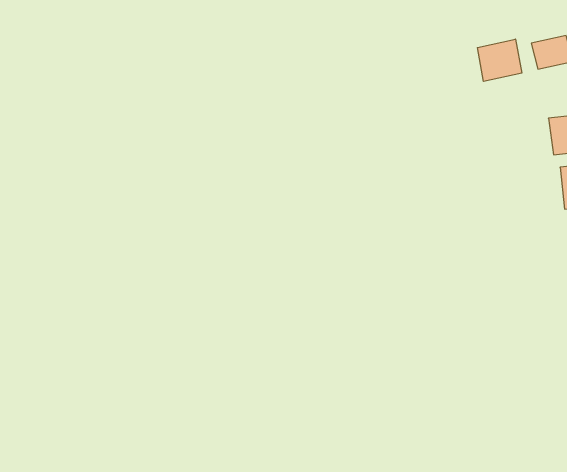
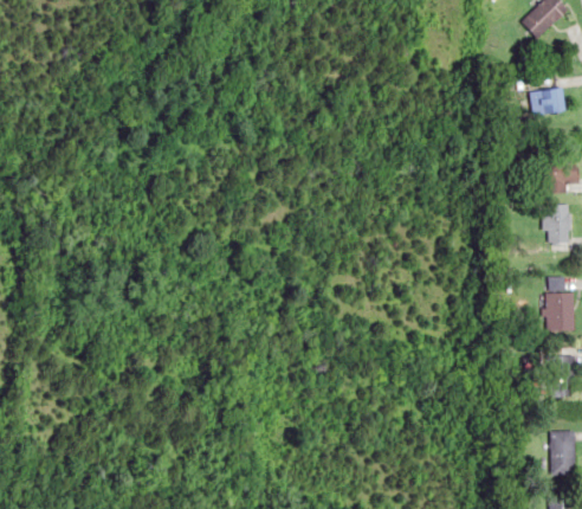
building: [477,39,522,81] -> none

